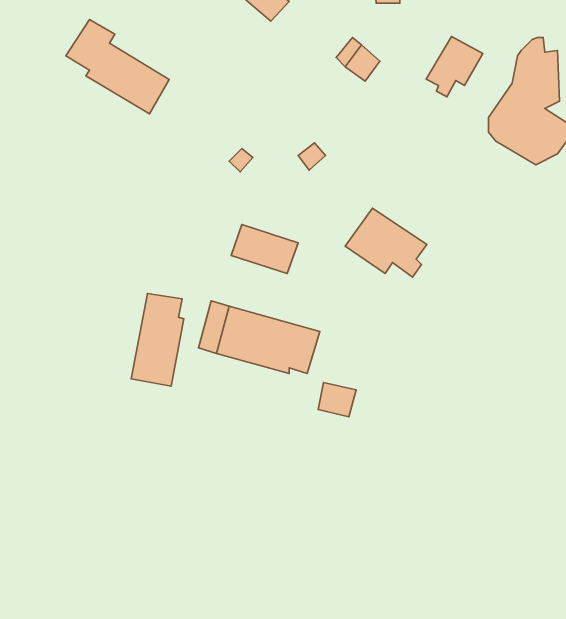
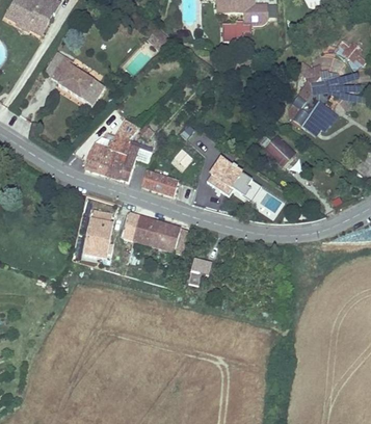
building: [426,36,483,97] -> none
building: none -> [84,118,153,183]
building: none -> [264,134,296,164]

